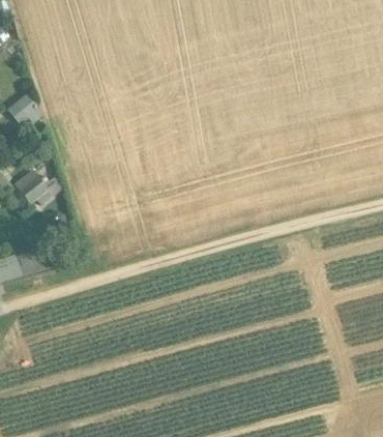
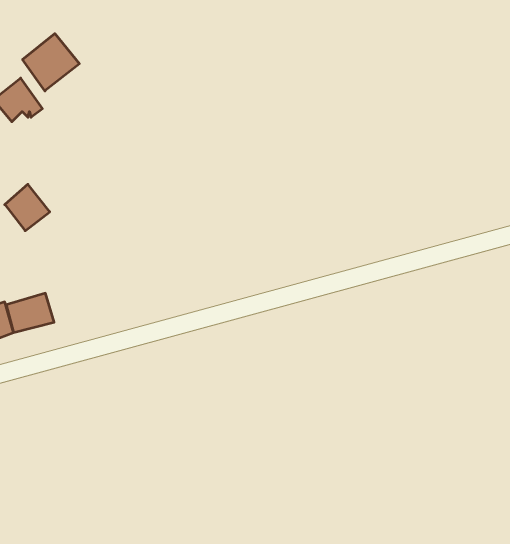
building: none -> [23,34,79,91]

